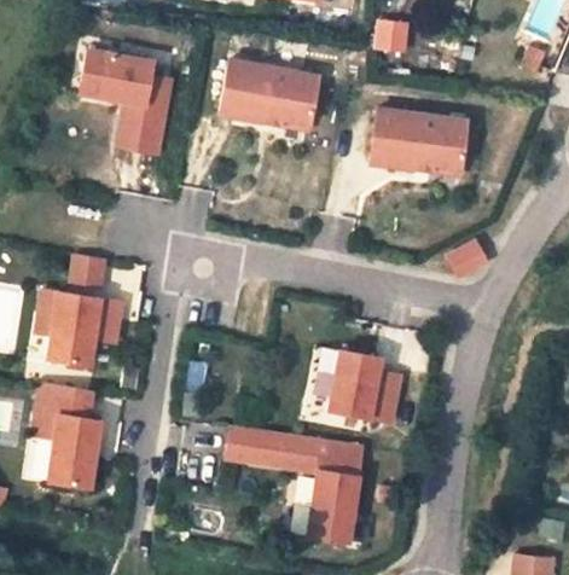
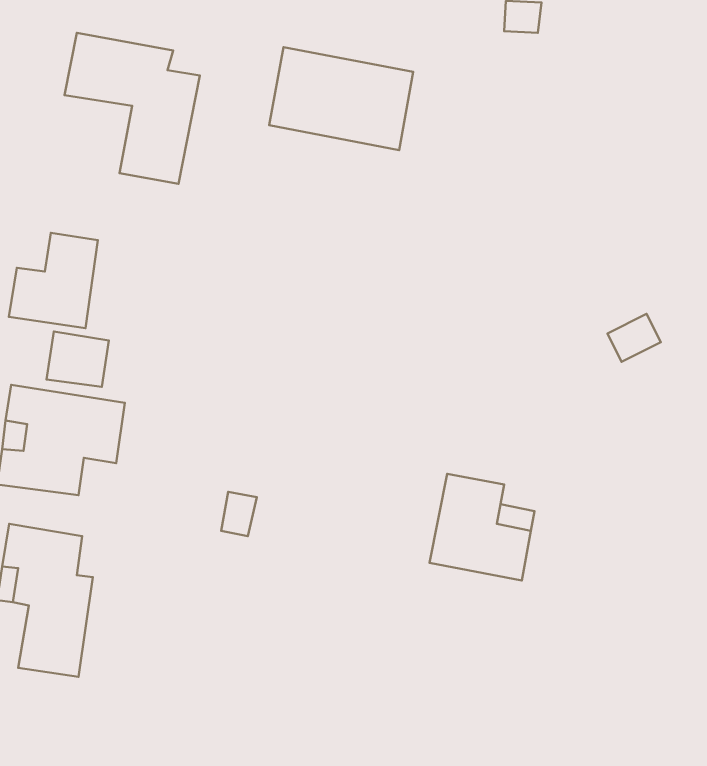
building: [367,109,468,174] -> none
building: none -> [9,233,98,328]
building: [227,428,362,539] -> none

